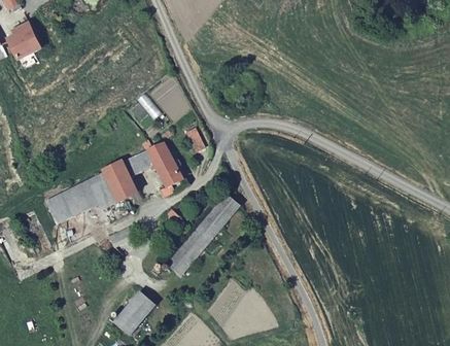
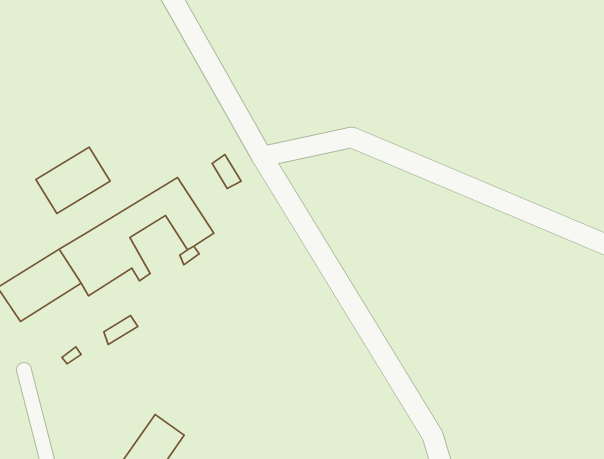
building: none -> [36,147,110,213]
building: [166,191,240,275] -> none

